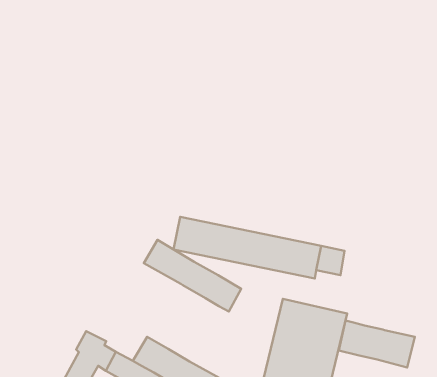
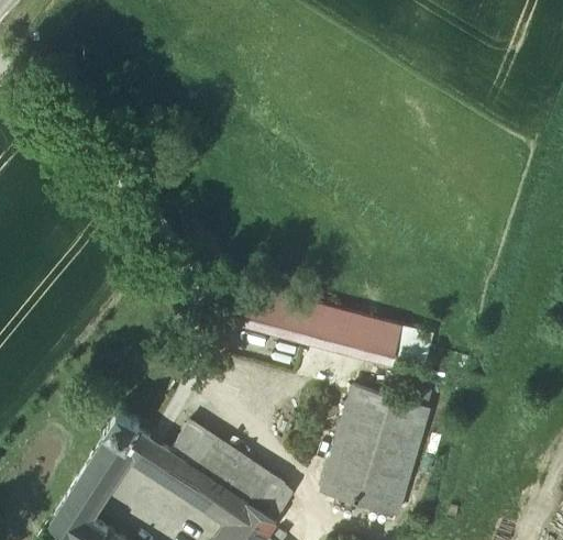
building: [144,240,241,312] -> none
building: [339,321,415,367] -> none

